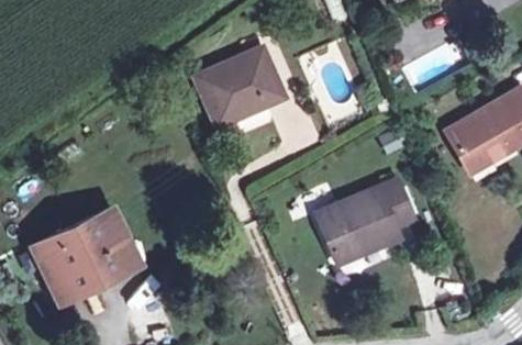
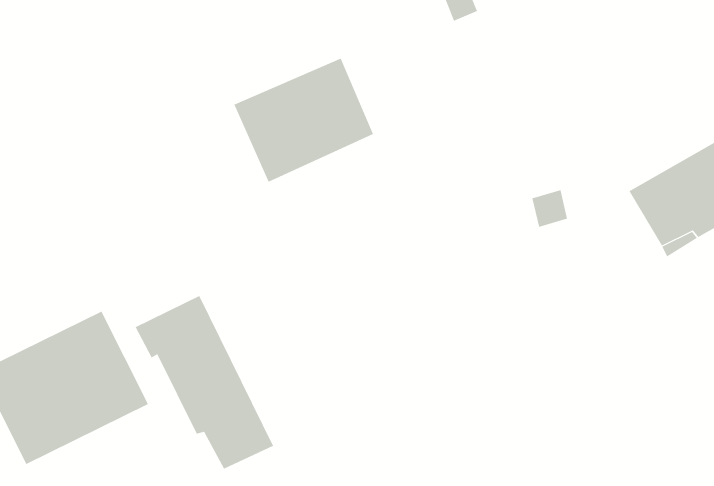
building: [318,181,412,265] -> none
building: none -> [135,295,274,469]

